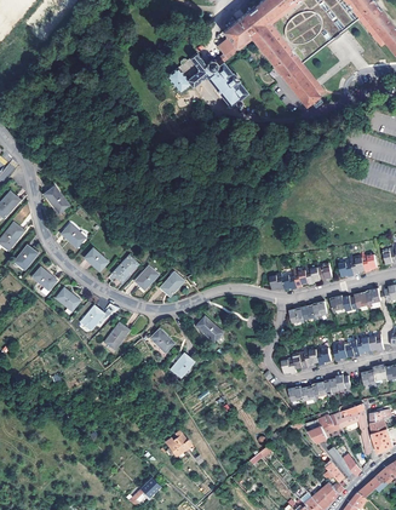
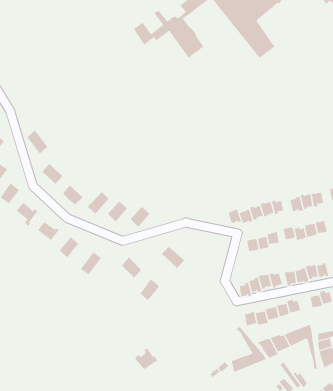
building: none -> [231,326,267,373]

